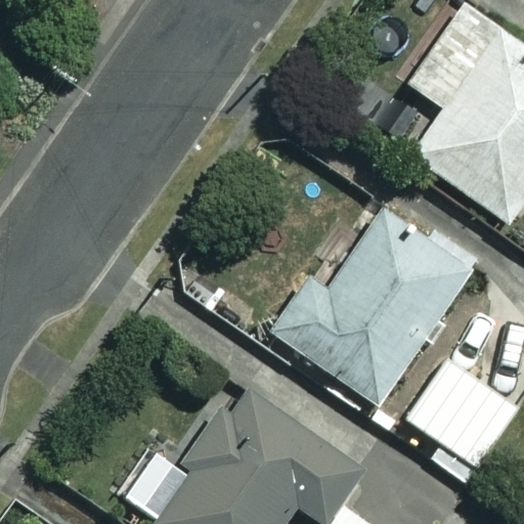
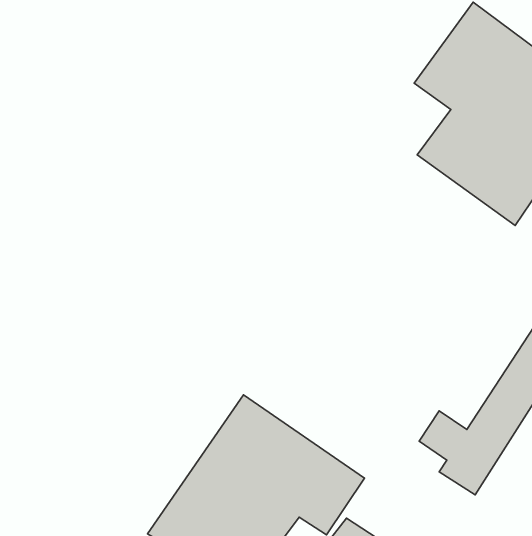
building: [271,205,473,405] -> none

